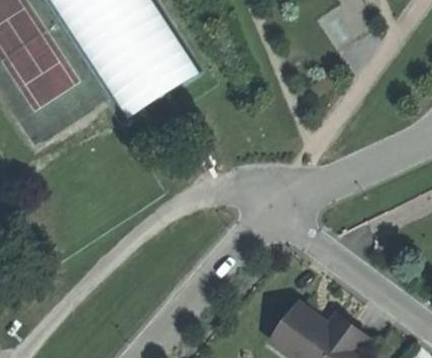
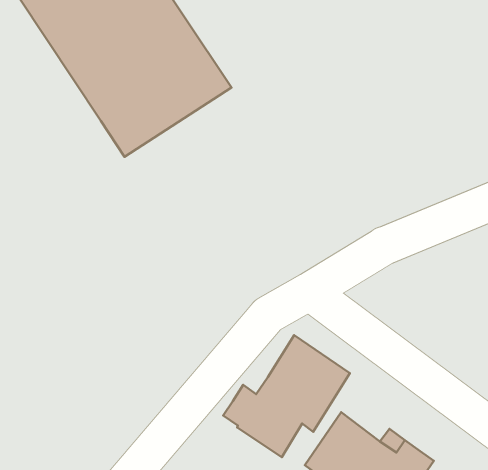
building: none -> [223,335,350,457]

